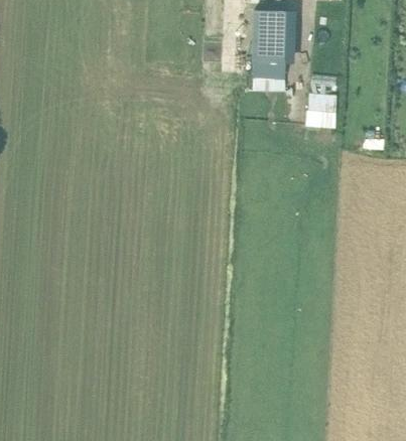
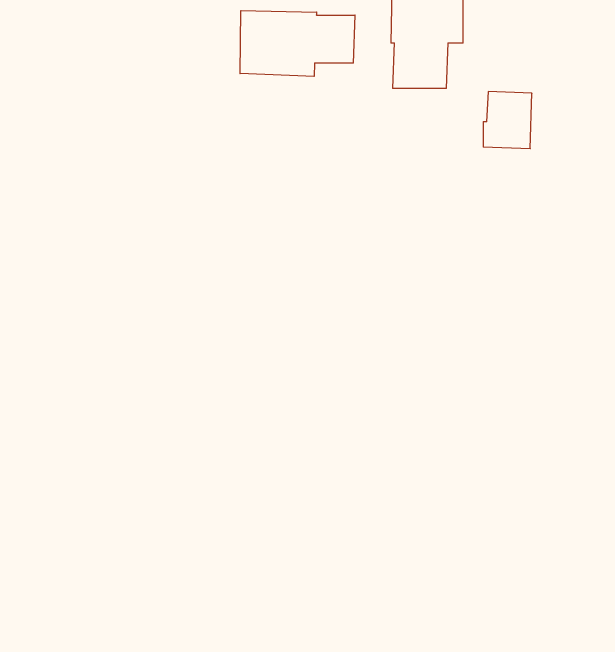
building: none -> [240,11,355,76]

